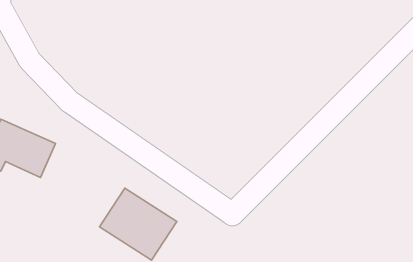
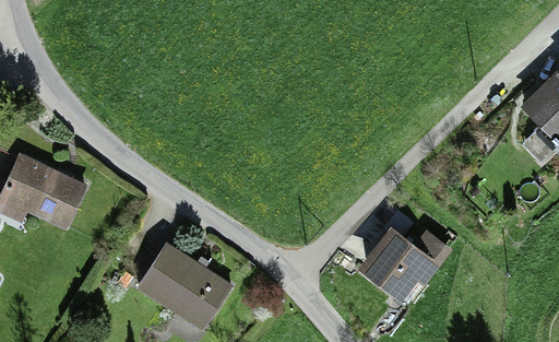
building: none -> [359,231,451,299]

